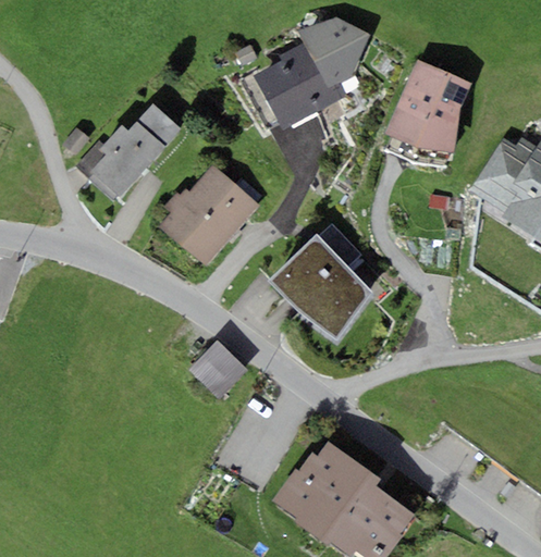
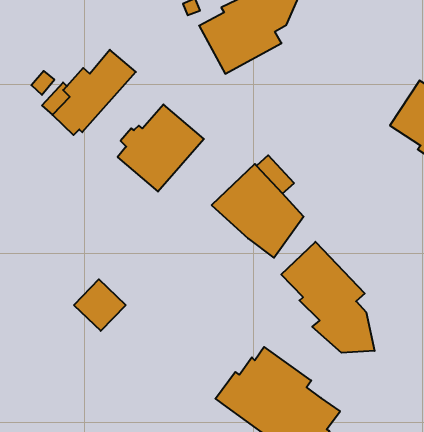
building: [384,59,471,152] -> none
building: none -> [281,242,375,353]
building: [188,339,247,398] -> [74,279,126,331]

